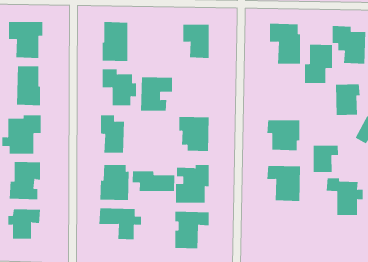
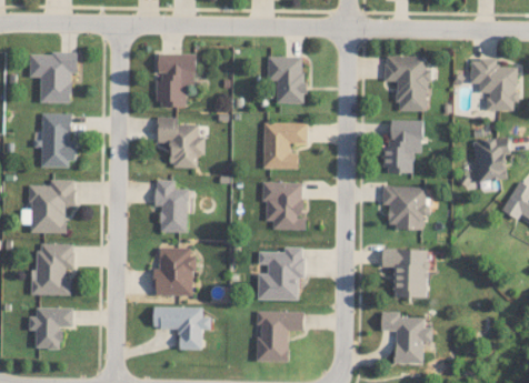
building: [304,44,333,83] -> [383,120,422,173]
building: [140,77,173,111] -> [262,122,307,169]
building: [313,145,339,173] -> none
building: [132,170,175,192] -> none
building: [326,178,363,215] -> [380,312,431,363]

